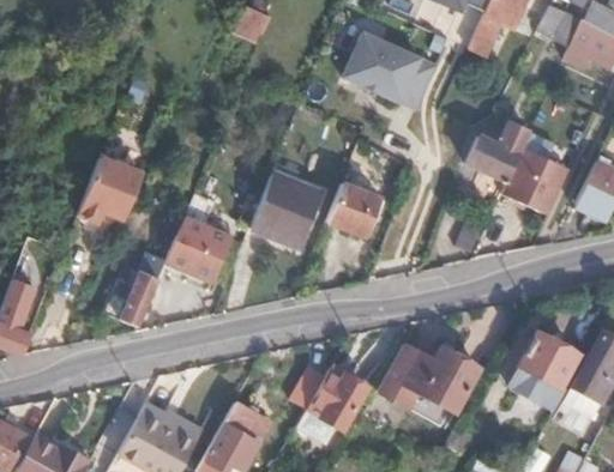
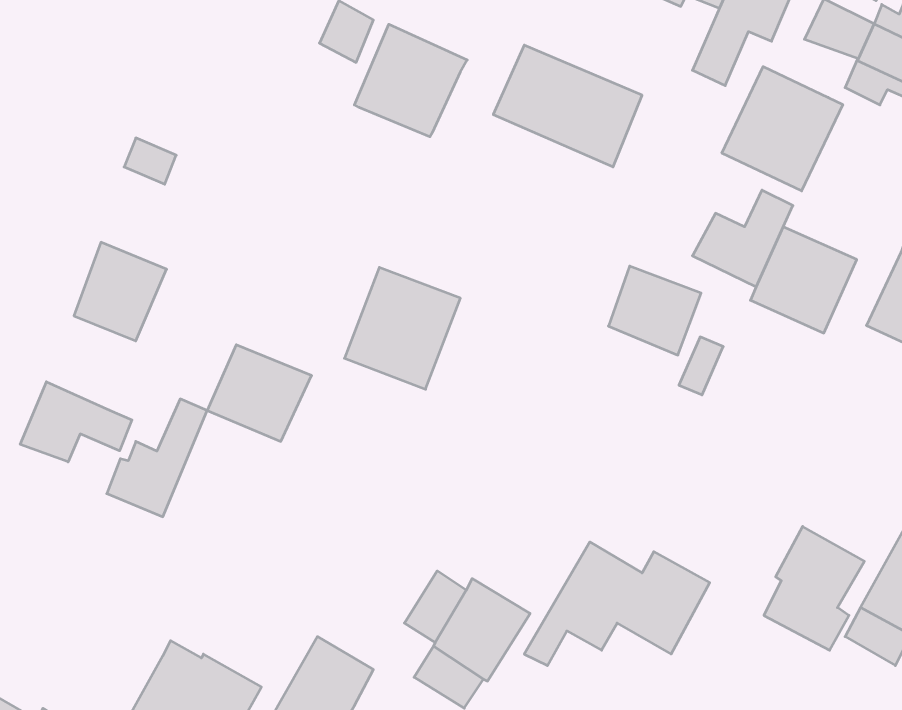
building: none -> [354,24,467,137]
building: none -> [722,67,843,191]
building: [329,183,386,238] -> [608,266,701,355]
building: none -> [20,382,132,462]

